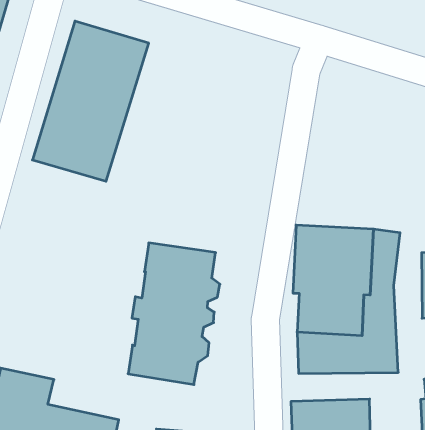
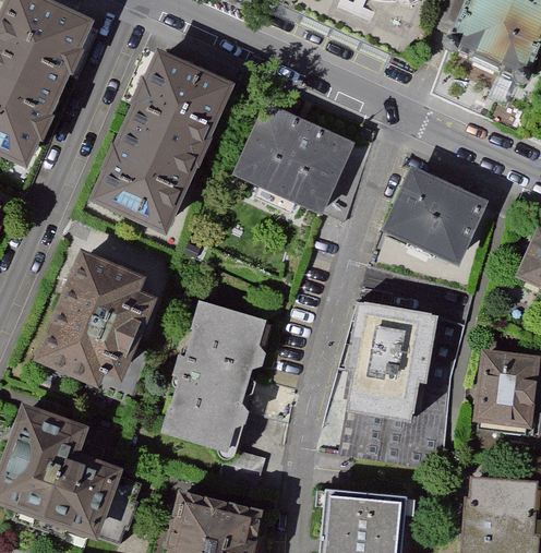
building: none -> [230,105,369,221]
building: none -> [381,170,482,265]
building: none -> [41,254,152,383]

